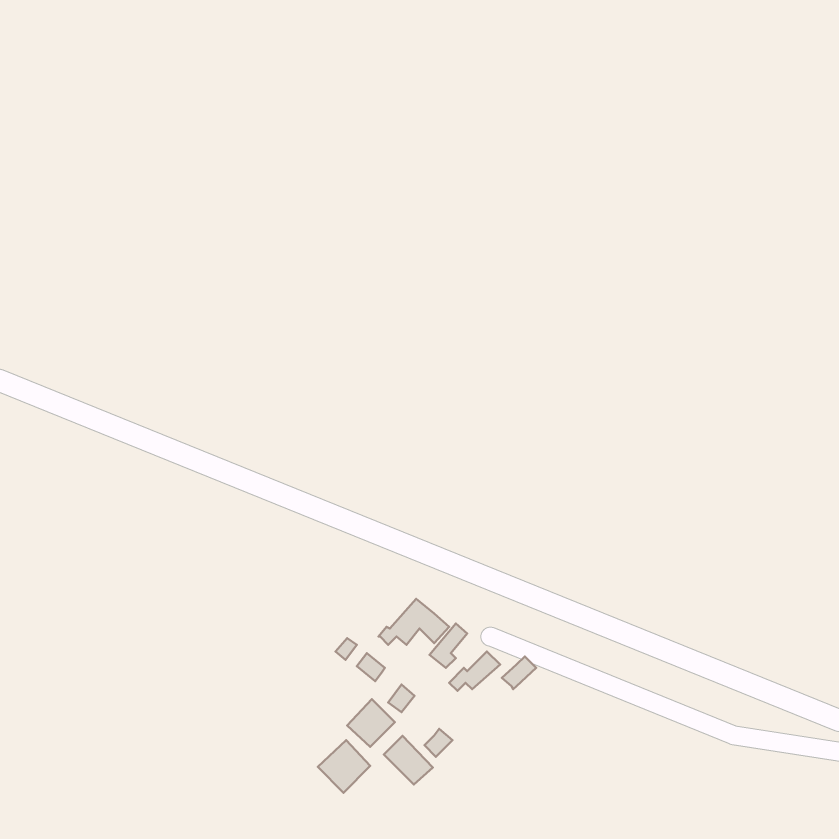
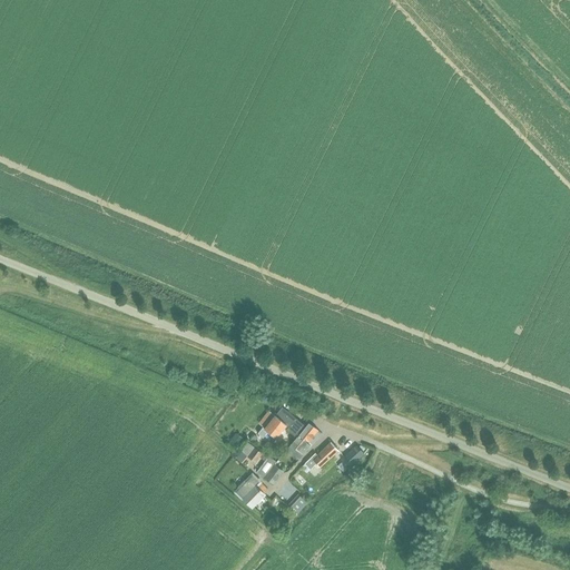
building: [384,736,433,784] -> none
building: [318,740,370,793] -> none

